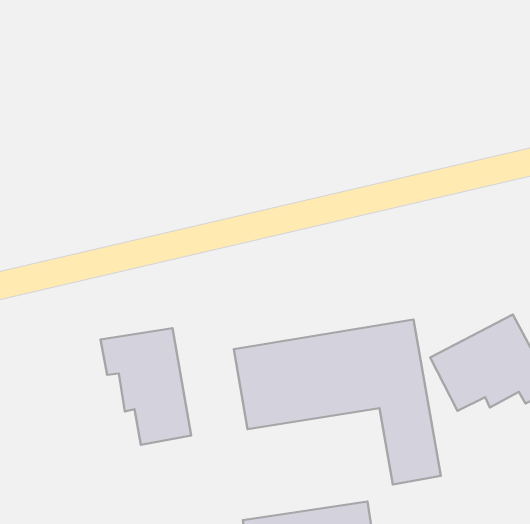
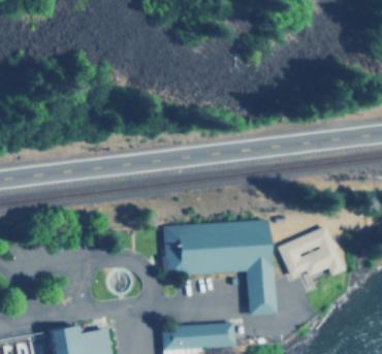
building: [101,328,191,445] -> none

